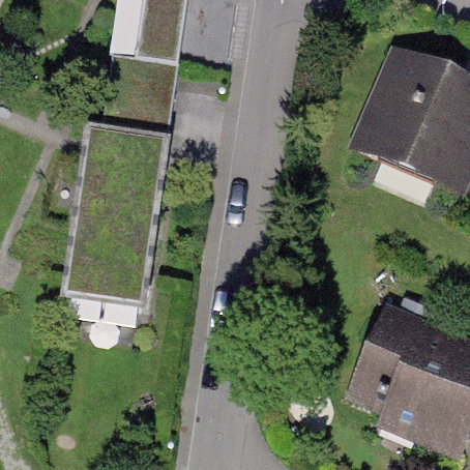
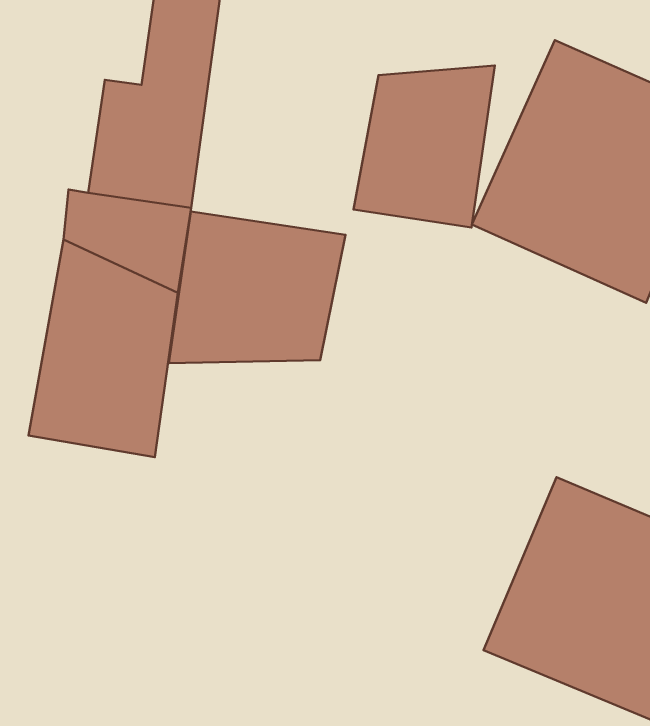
building: none -> [353,65,495,227]
building: none -> [169,212,346,363]

